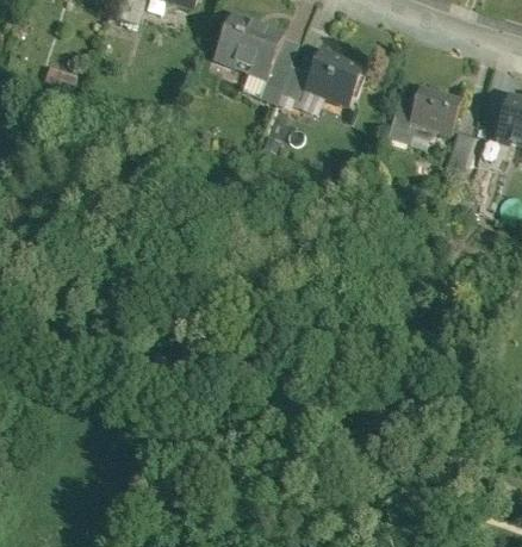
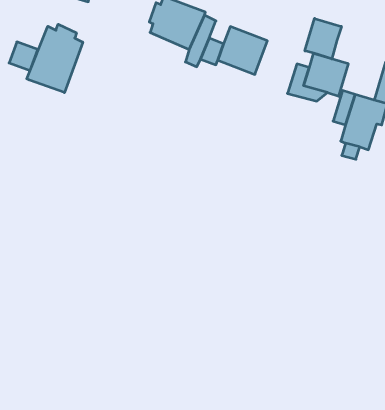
building: none -> [305,18,341,59]
building: none -> [27,24,83,93]

